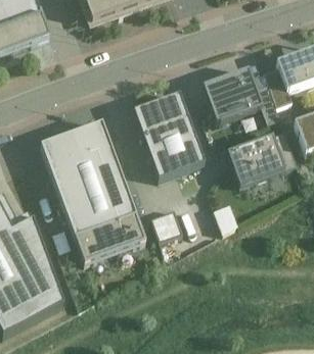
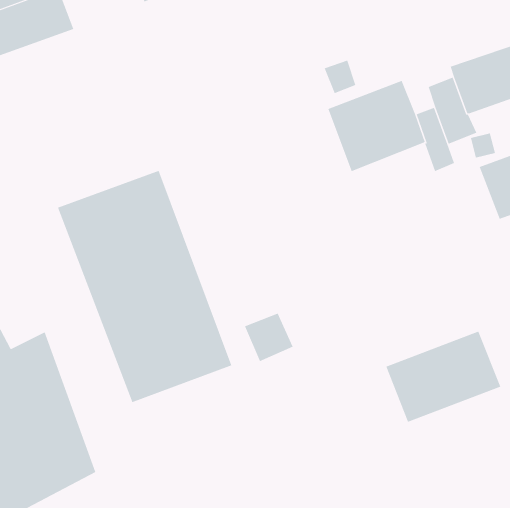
building: [133,92,205,176] -> none
building: [227,129,297,184] -> [385,331,501,423]

